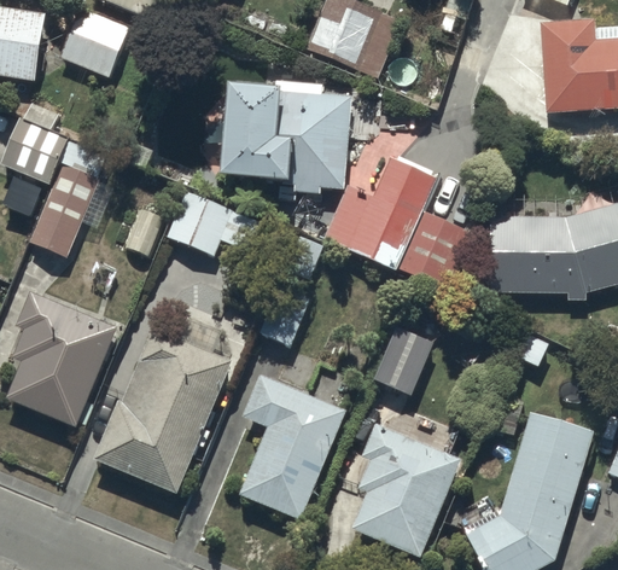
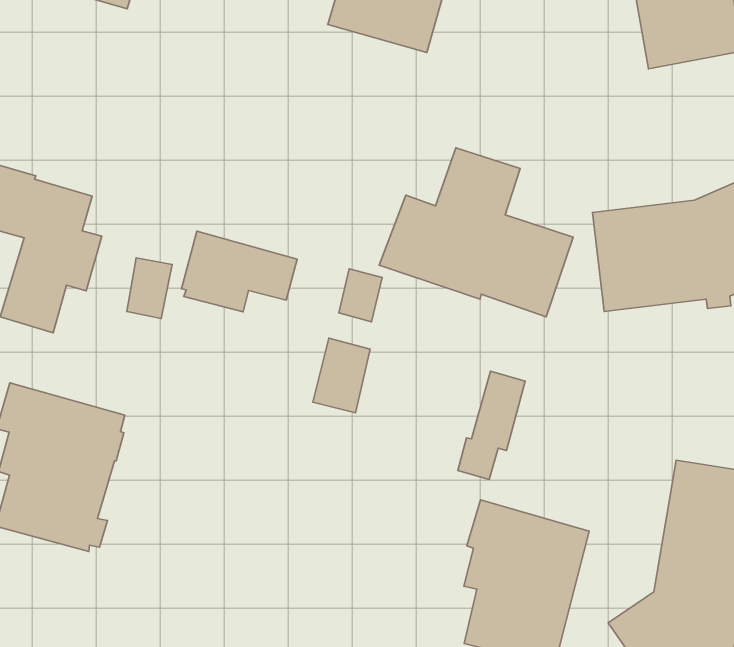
building: [60,10,130,78] -> none
building: [221,80,350,194] -> none
building: [93,314,232,493] -> none
building: [240,376,345,518] -> none

